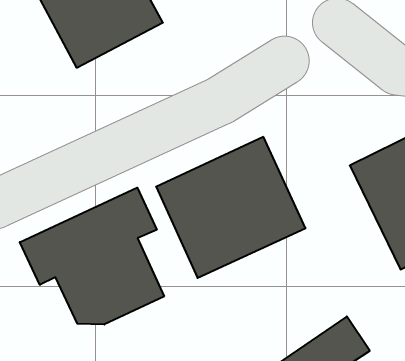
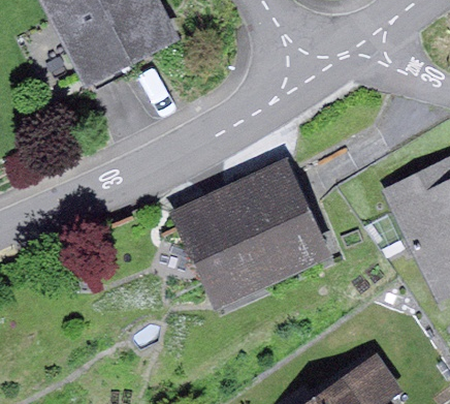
building: [20,188,164,325] -> none

